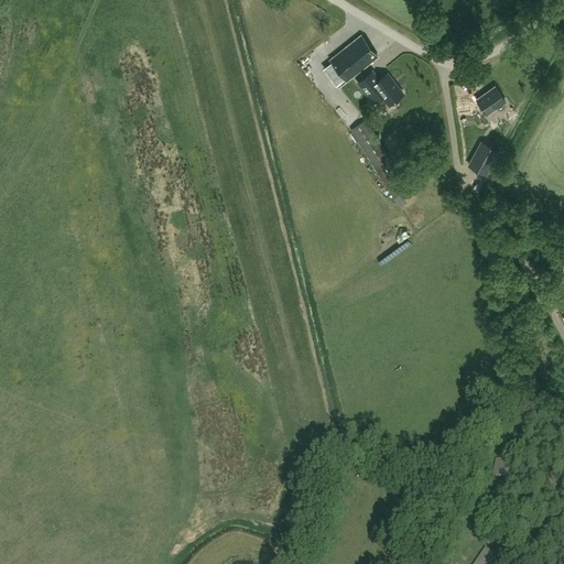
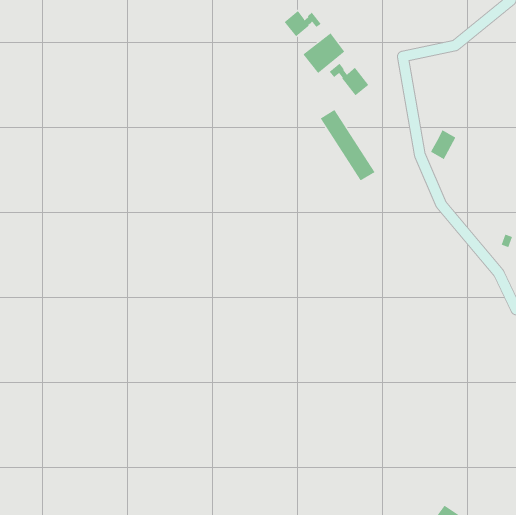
building: none -> [284,10,321,37]
building: [475,88,505,116] -> none

